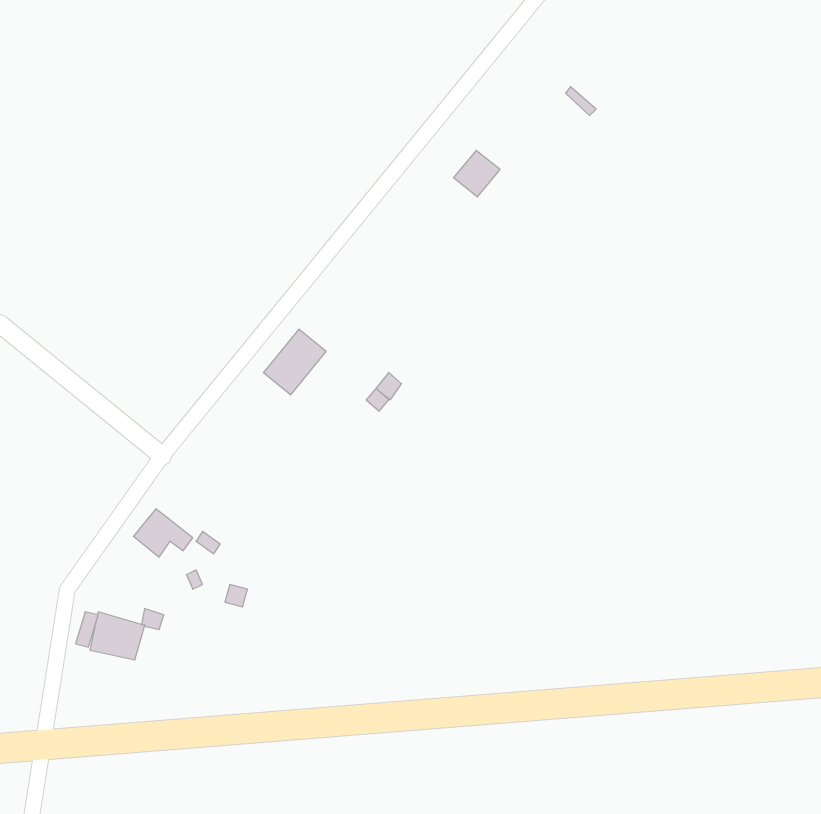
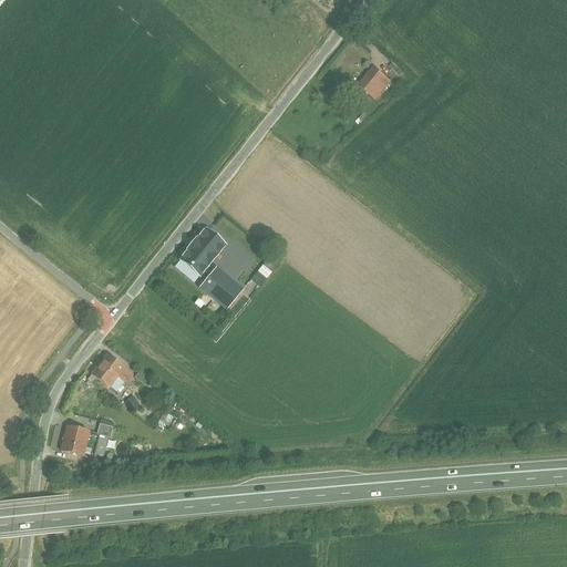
building: [454,150,500,197] -> [359,64,391,96]
building: none -> [203,267,241,305]

